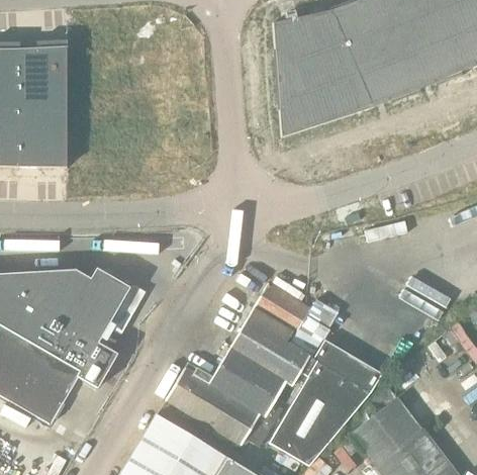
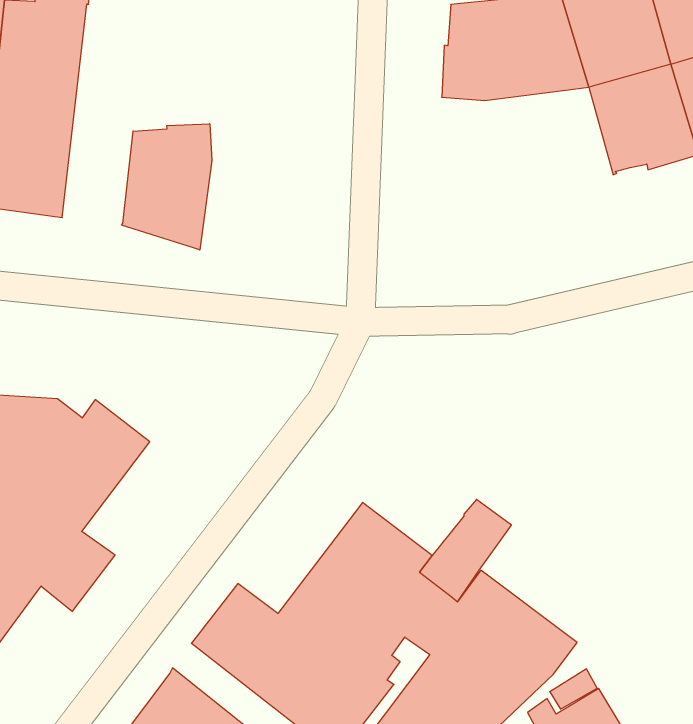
building: [271,61,372,138] -> none
building: none -> [121,124,212,250]
building: [253,283,310,334] -> none

